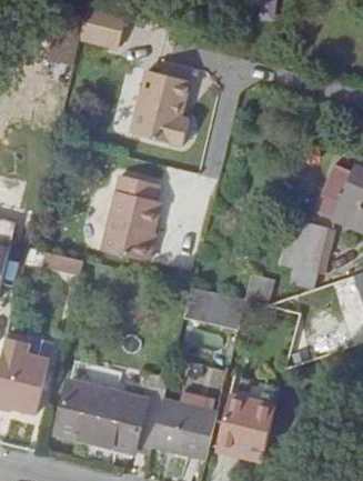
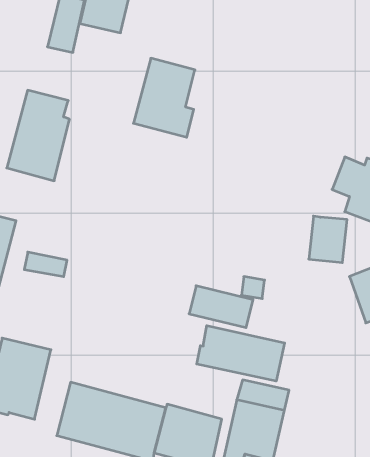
building: [100,174,160,261] -> [7,90,69,181]
building: none -> [197,326,285,381]

